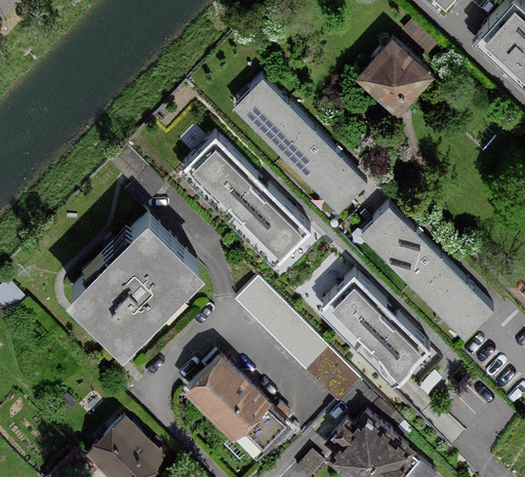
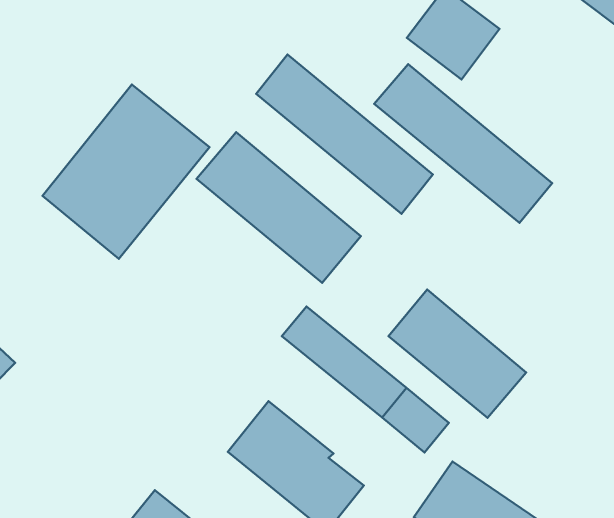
building: [361,207,495,341] -> [374,64,552,223]
building: [68,210,203,347] -> [42,84,210,259]

